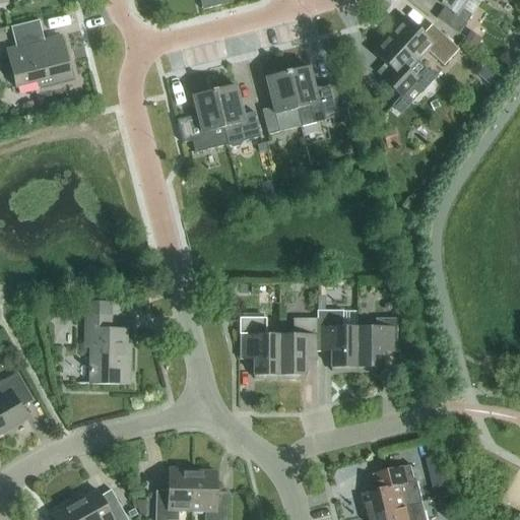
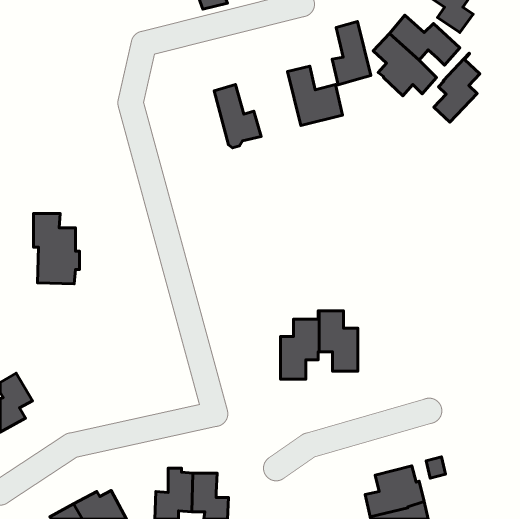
building: [7,19,71,89] -> none
building: none -> [434,53,480,122]
building: [262,71,301,134] -> [332,21,371,85]
building: [178,90,229,152] -> none
building: [85,314,131,384] -> [34,213,79,284]
building: [240,318,280,378] -> none
building: [358,318,397,371] -> none

